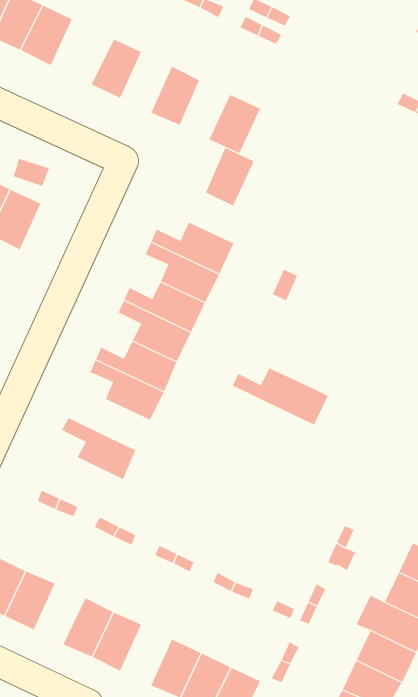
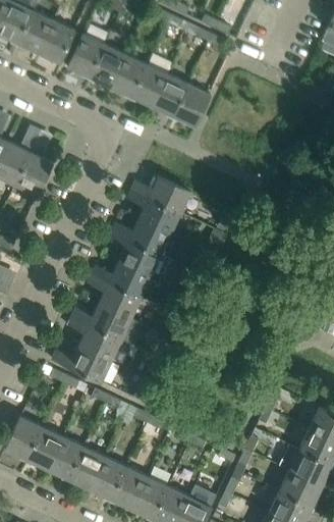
building: none -> [66,35,104,77]
building: none -> [109,54,146,98]
building: [205,147,255,207] -> [152,74,187,117]
building: [232,367,329,426] -> [71,304,141,346]
building: none -> [51,346,111,383]
building: none -> [47,436,84,480]
building: none -> [109,466,146,510]

